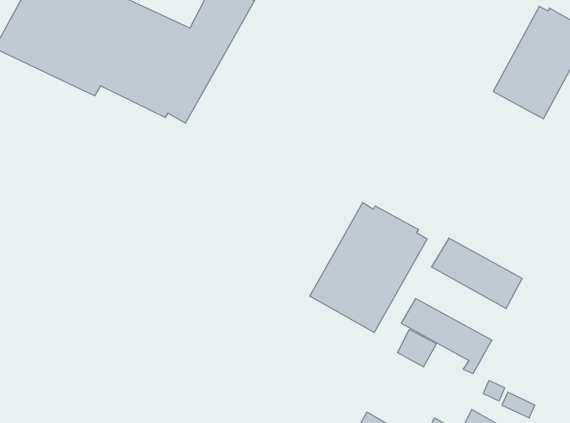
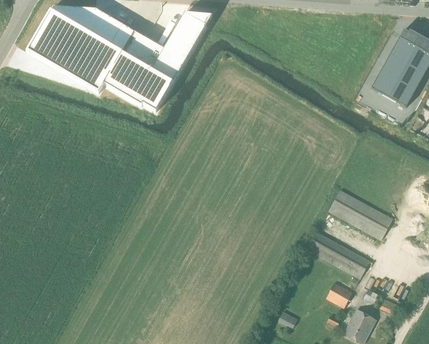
building: [310,203,427,333] -> none
building: [398,330,436,367] -> [326,281,353,307]

